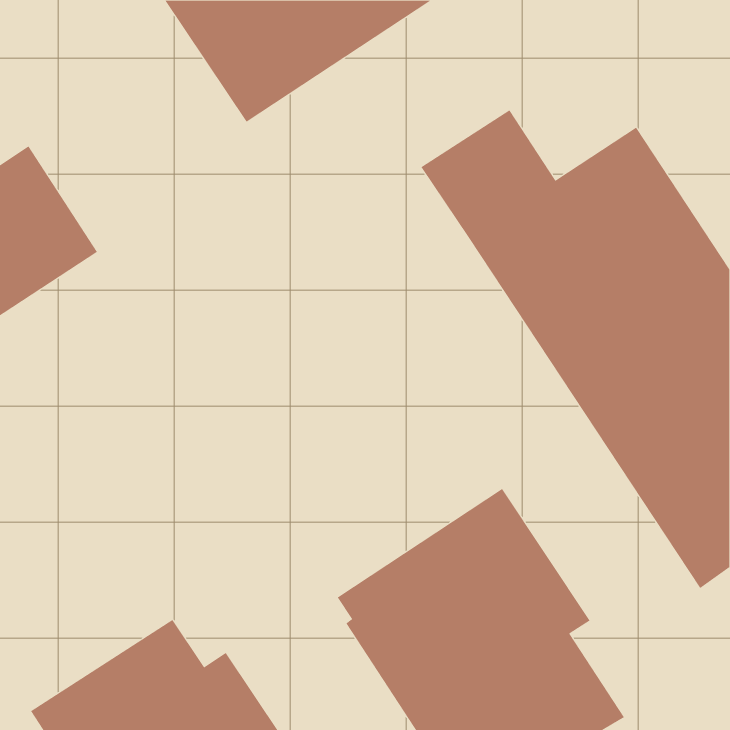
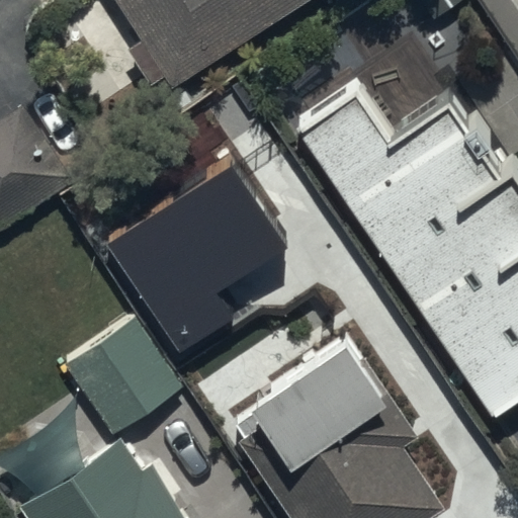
building: none -> [101,153,284,351]
building: none -> [61,314,181,435]

